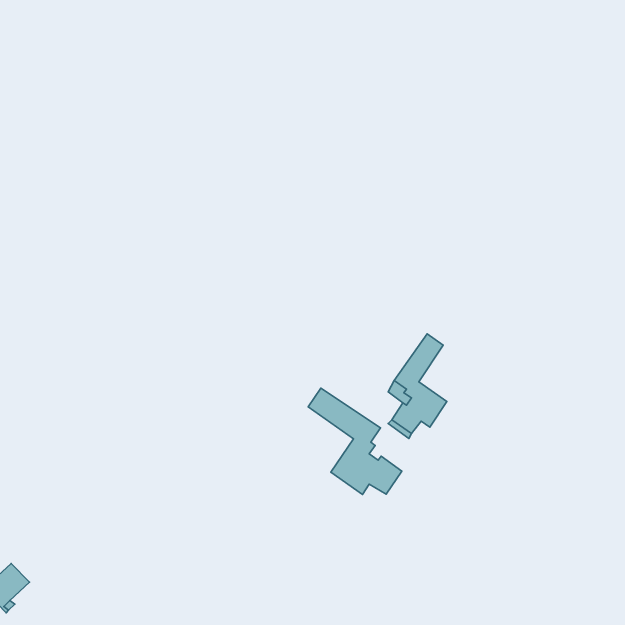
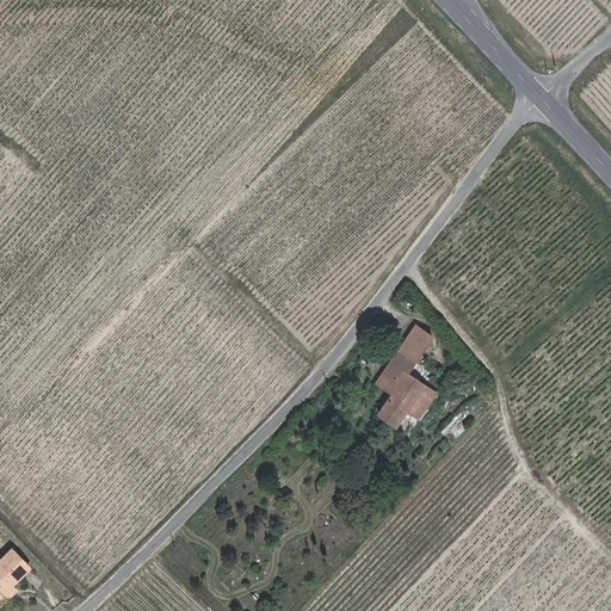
building: [308,388,402,494] -> none

